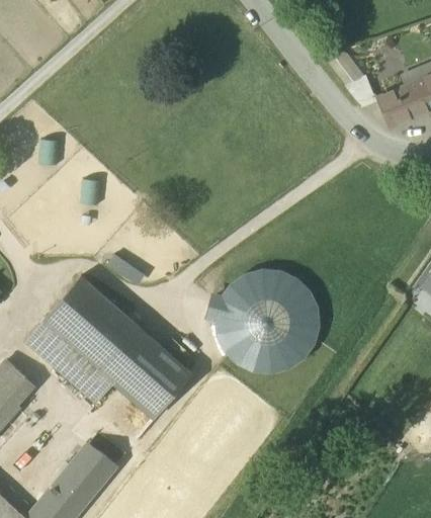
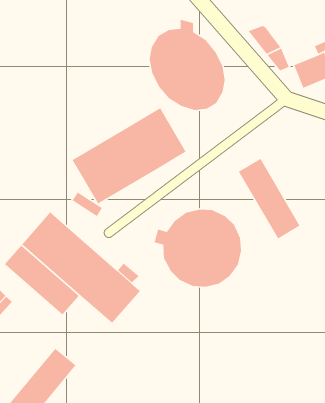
building: none -> [149,19,226,111]
building: none -> [71,107,187,205]
building: none -> [238,158,301,239]

